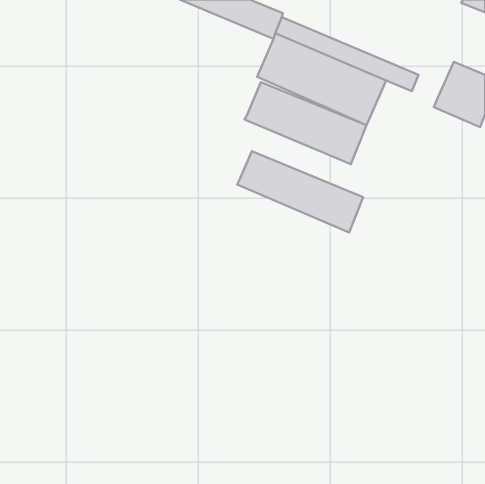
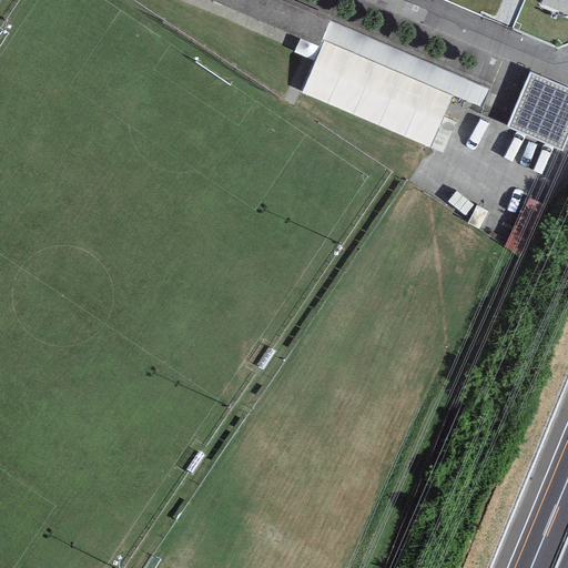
building: [245,82,366,164] -> none
building: [237,151,363,232] -> none

